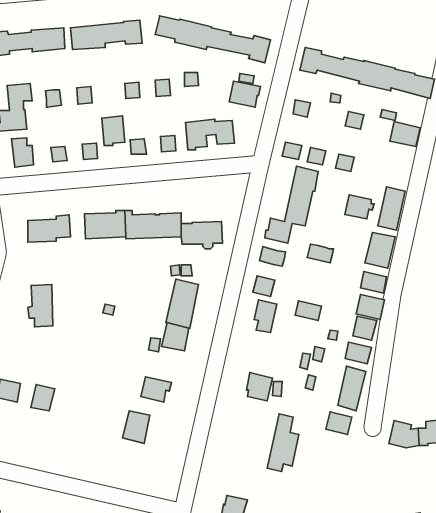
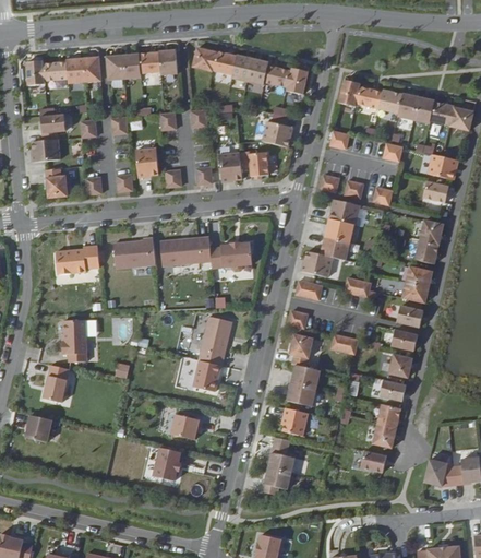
building: [345,195,374,219] -> [420,179,449,203]
building: none -> [287,363,320,404]
building: [31,385,55,411] -> [46,372,70,399]
building: [267,414,299,472] -> [263,435,294,492]

